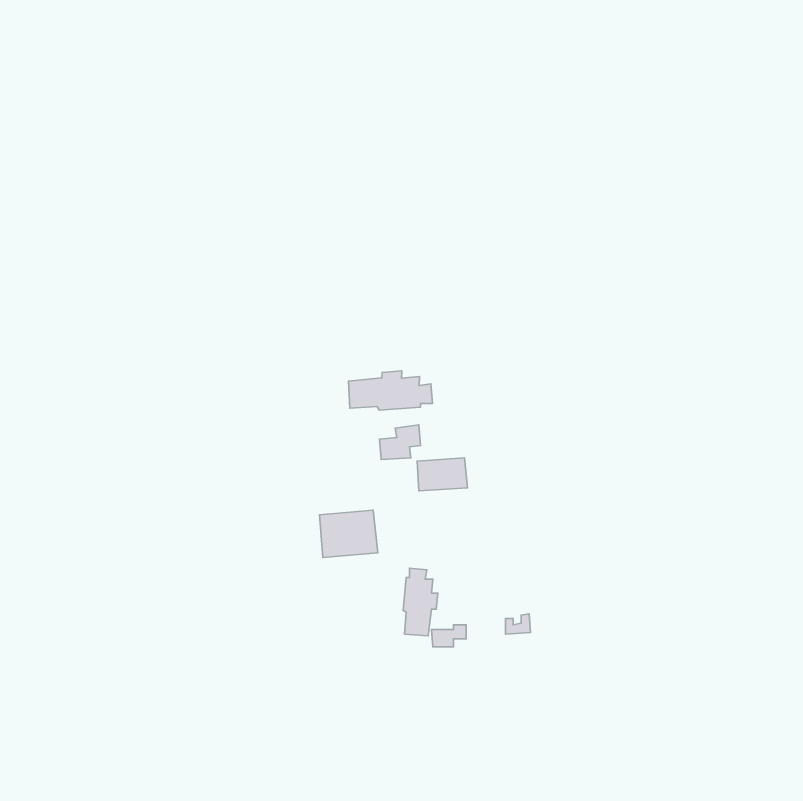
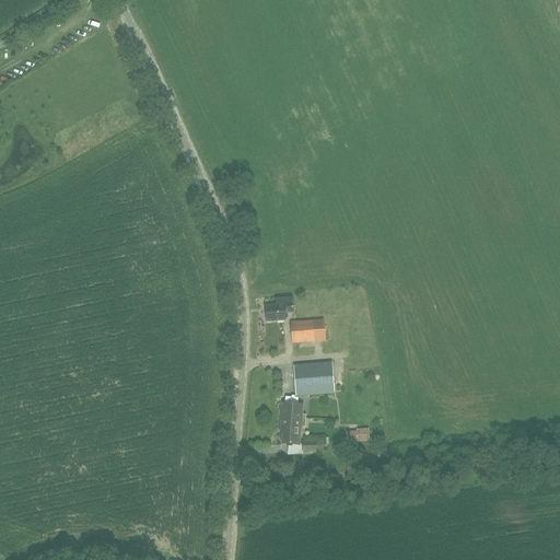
building: [348,371,432,410] -> none
building: [320,510,378,557] -> [293,361,334,394]

